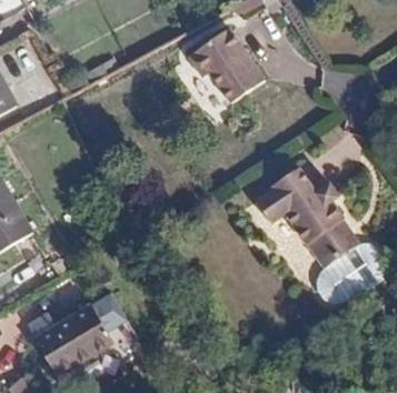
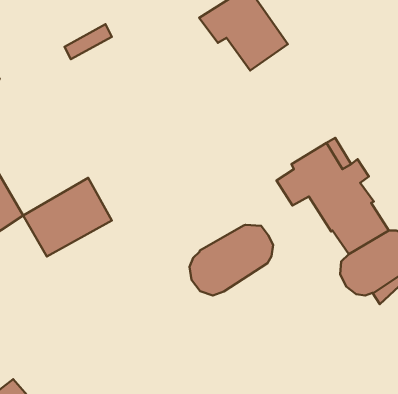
building: none -> [190,225,273,295]
building: [34,305,113,375] -> [23,178,112,257]

